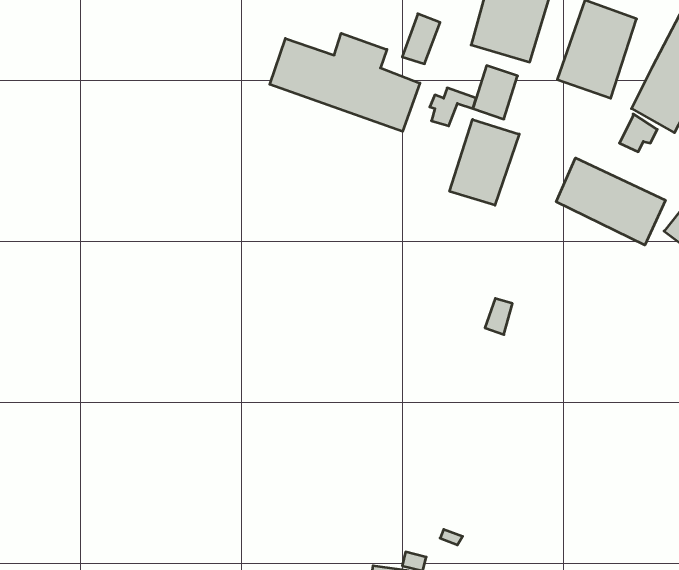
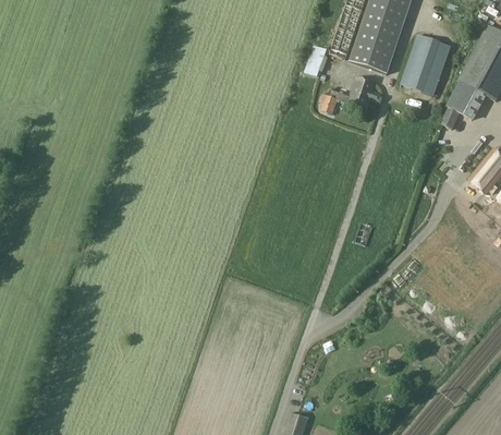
building: [270,33,420,131] -> none
building: [450,119,519,205] -> none
building: [556,158,665,245] -> none

